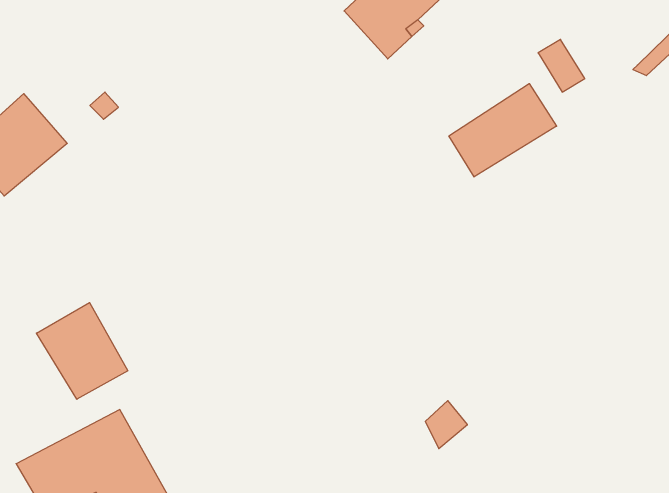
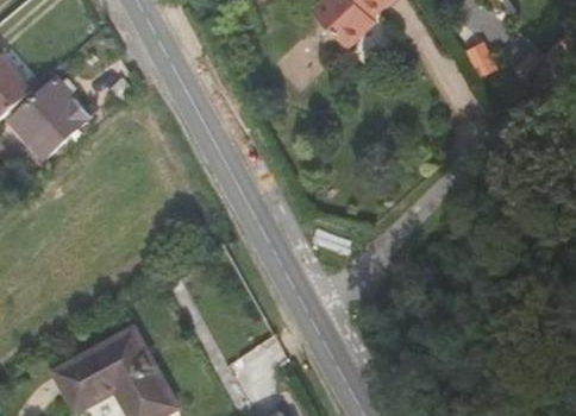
building: [449,84,557,177] -> none
building: [36,303,128,399] -> none

